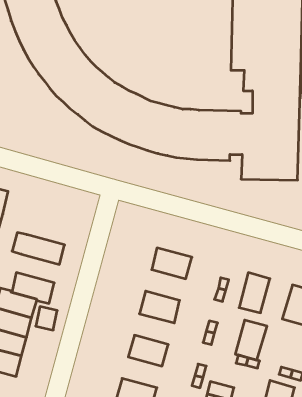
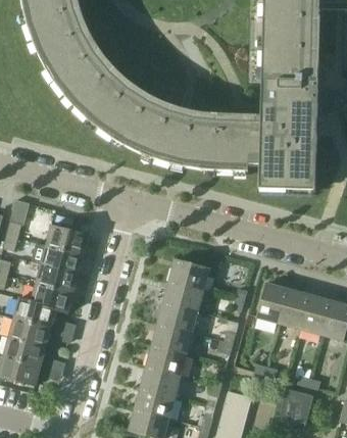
building: none -> [46,225,90,254]
building: none -> [36,263,79,292]
building: none -> [164,279,204,309]
building: none -> [153,323,193,353]
building: [235,320,267,360] -> [279,288,310,328]
building: none -> [141,366,181,396]

